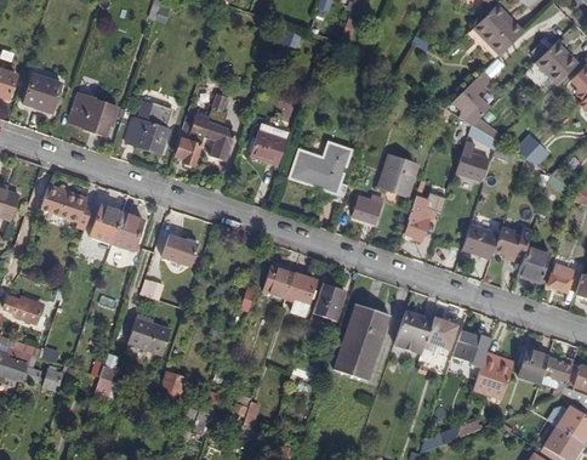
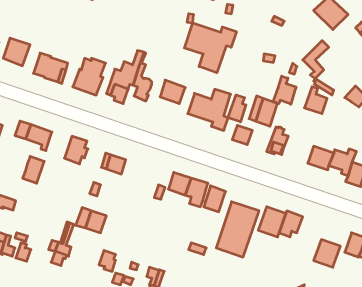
building: none -> [184,23,236,73]
building: none -> [273,76,296,104]
building: none -> [228,95,246,122]
building: [91,203,122,242] -> [23,156,44,183]
building: [451,331,490,369] -> none

